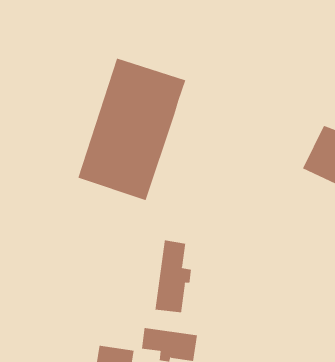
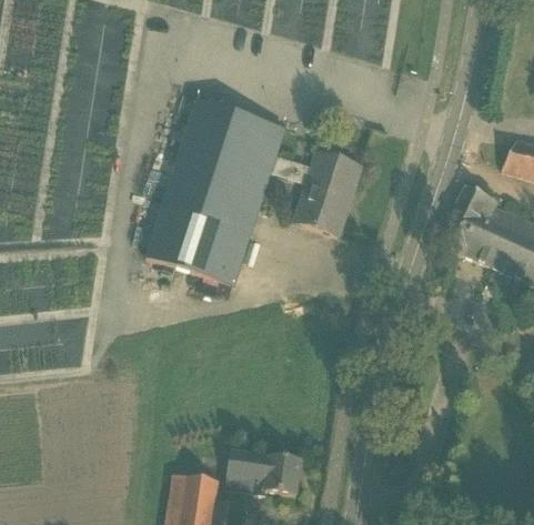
building: none -> [273,151,362,234]
building: [155,240,192,313] -> none

